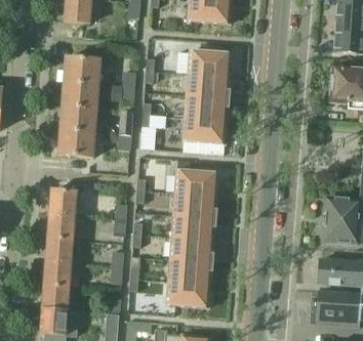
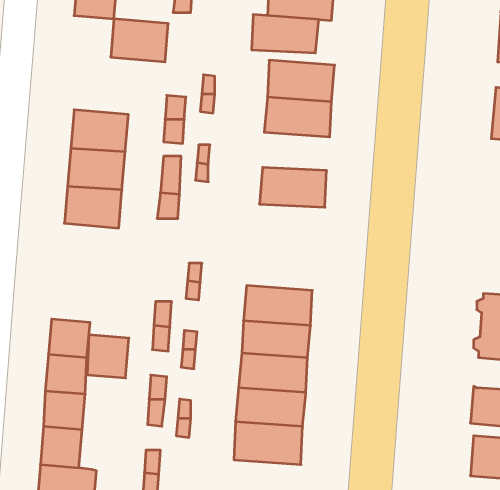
building: [64,56,100,84] -> [111,19,168,62]
building: [185,95,228,120] -> [252,15,319,53]
building: [174,170,218,197] -> none
building: [49,189,76,217] -> [87,335,129,378]

